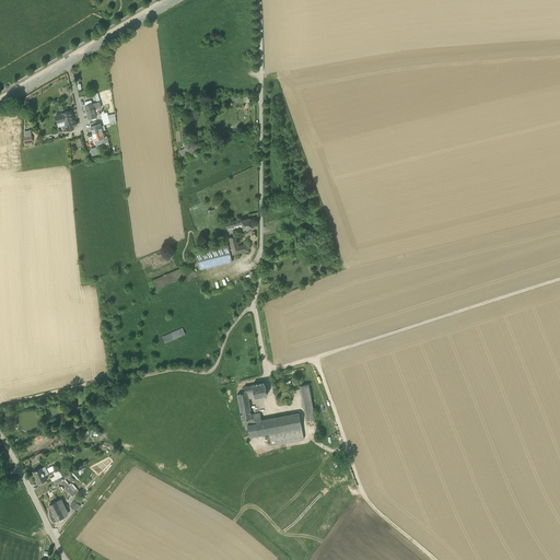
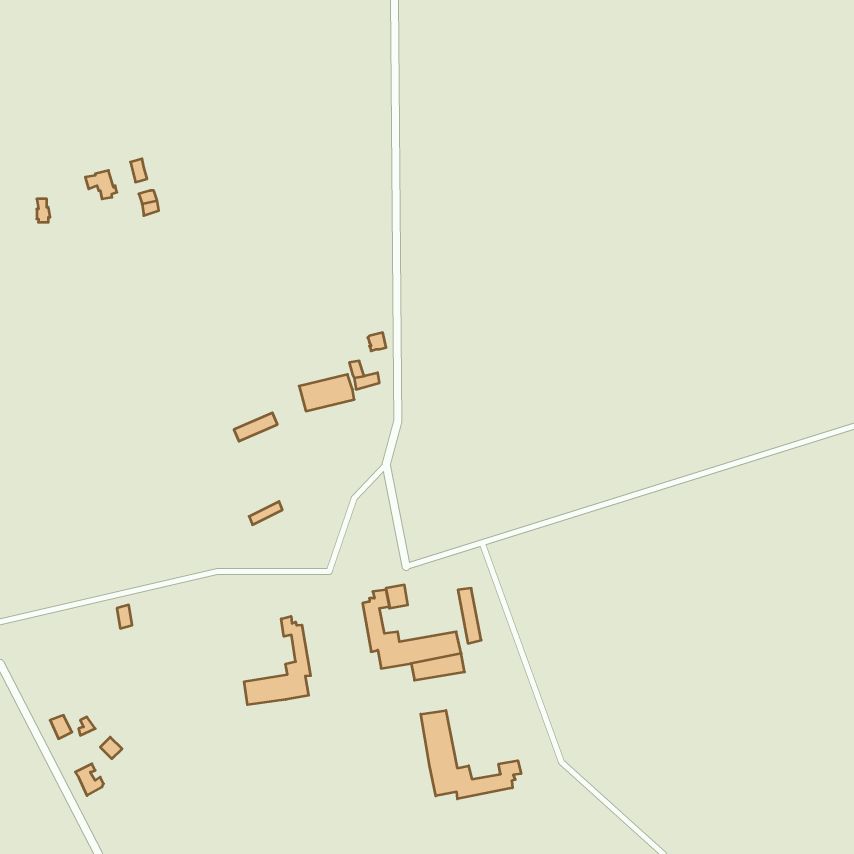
building: none -> [244,616,311,705]
building: none -> [421,710,521,799]

